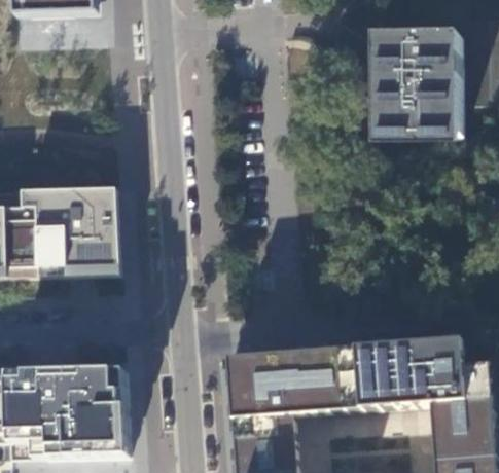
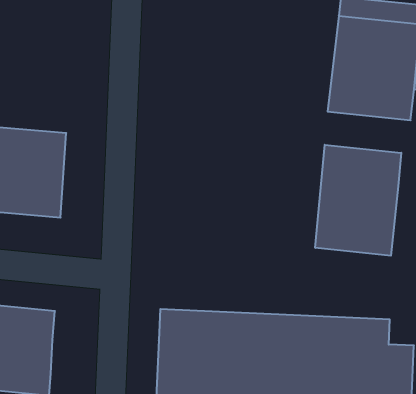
building: none -> [315,145,401,256]

